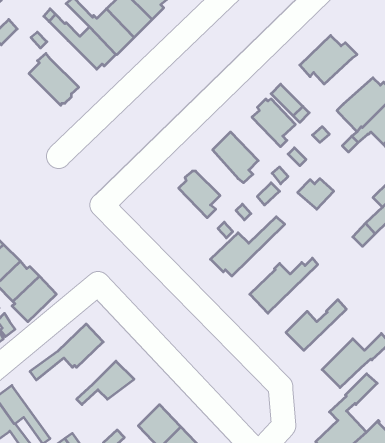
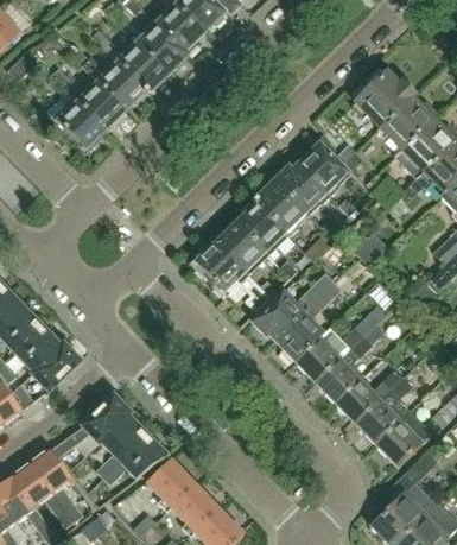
building: none -> [74,77,126,129]
building: none -> [377,96,438,148]
building: none -> [275,159,331,211]
building: none -> [236,199,284,255]
building: none -> [196,242,249,296]
building: none -> [277,283,342,361]
building: none -> [317,324,385,404]
building: none -> [357,378,413,445]
building: none -> [97,414,147,479]
building: none -> [31,449,82,522]
building: none -> [147,460,196,508]

